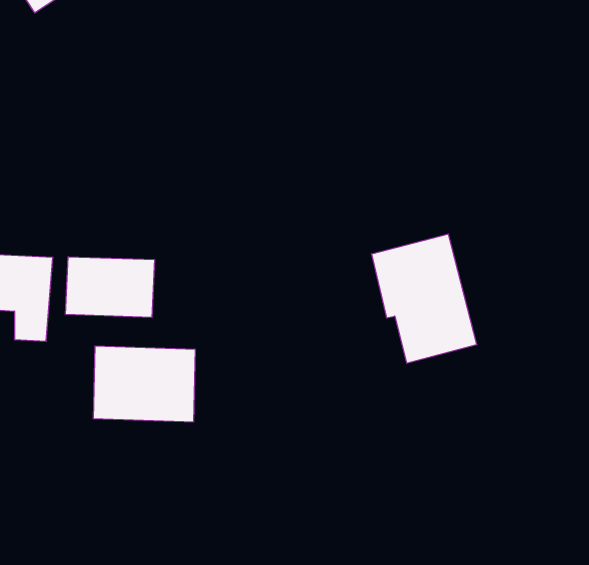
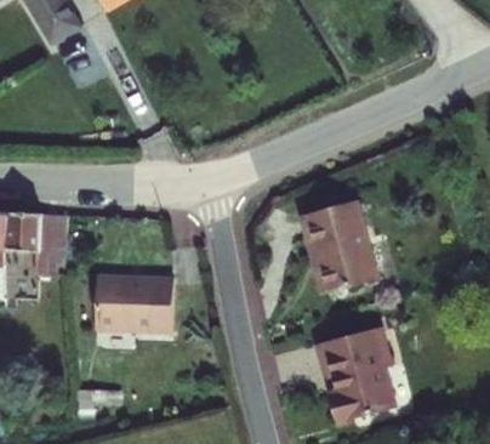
building: [66,257,154,317] -> none
building: none -> [317,326,395,423]

